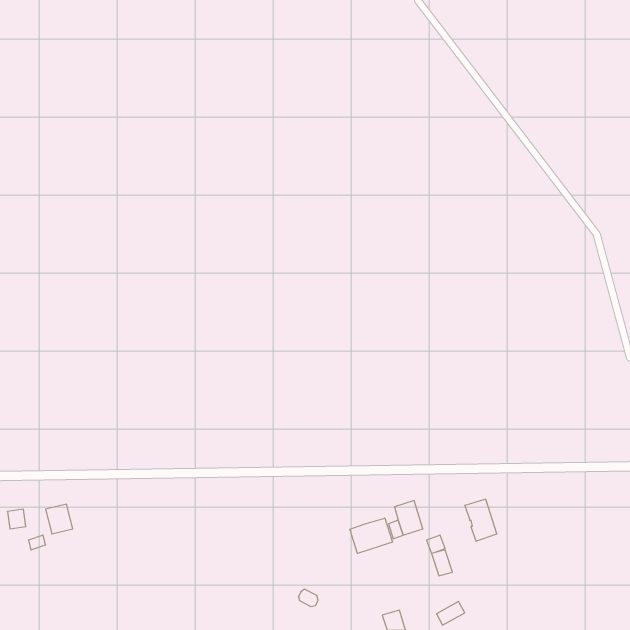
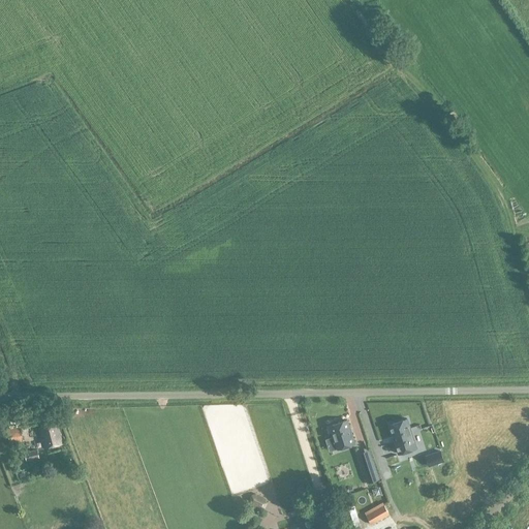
building: [350,518,392,553] -> none

